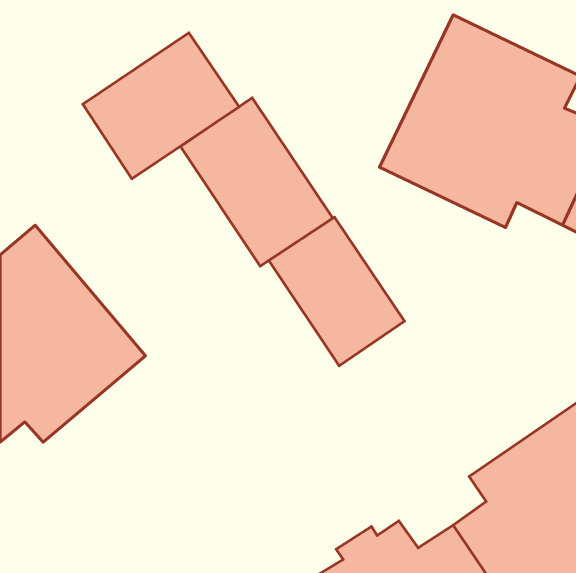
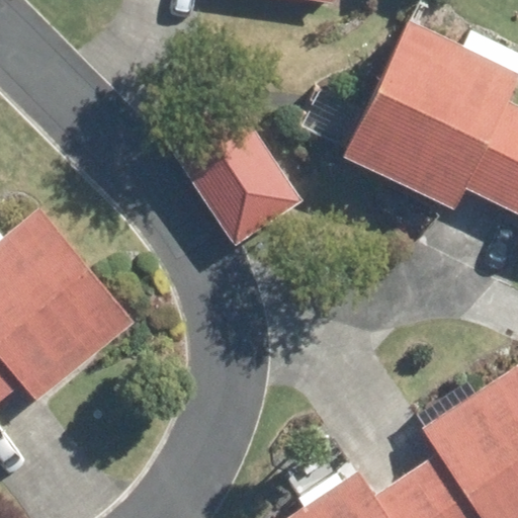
building: [83,33,239,179] -> none
building: [269,217,405,366] -> none

